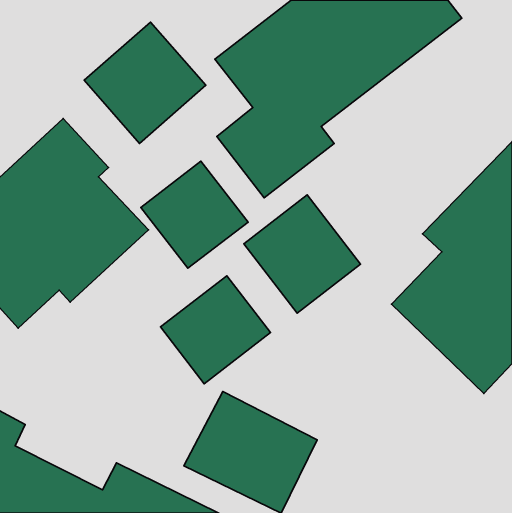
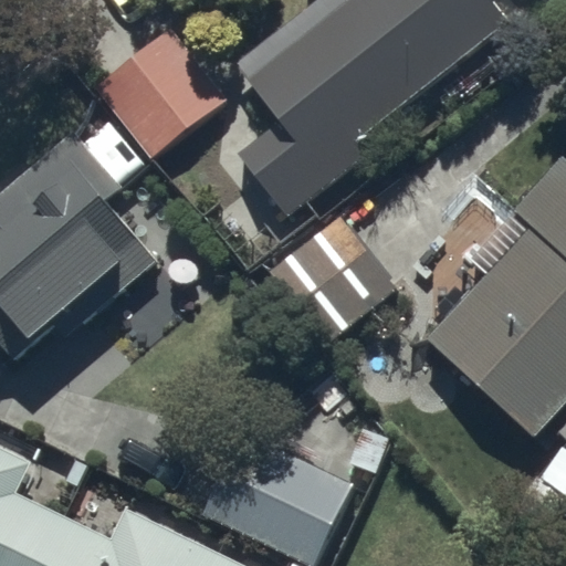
building: [141,161,248,268] -> none
building: [160,276,270,384] -> none

